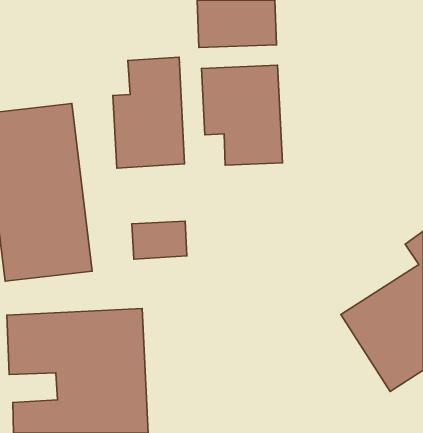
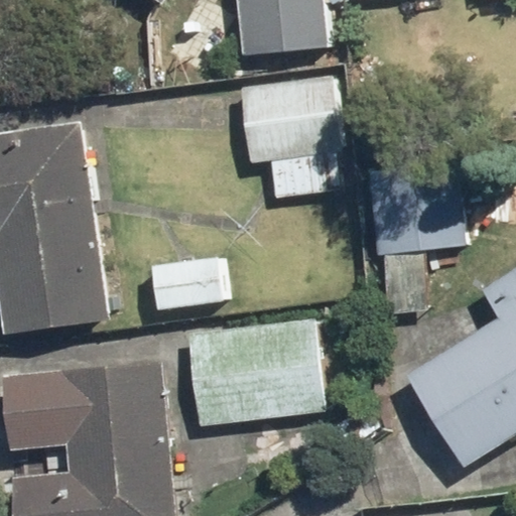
building: [113,57,185,168] -> none
building: none -> [372,163,468,260]
building: none -> [186,322,319,424]

